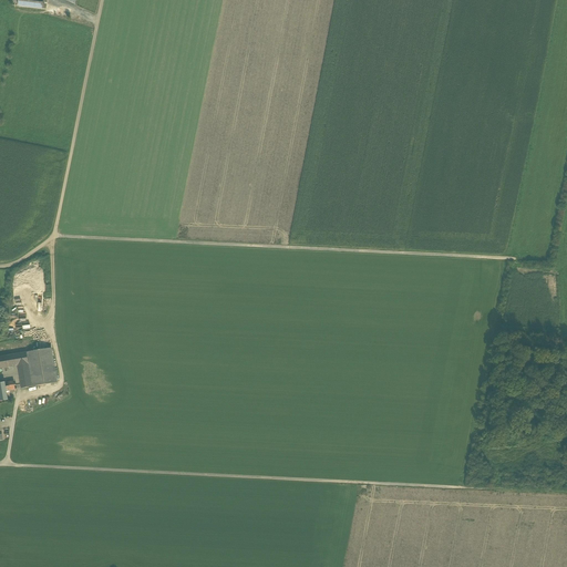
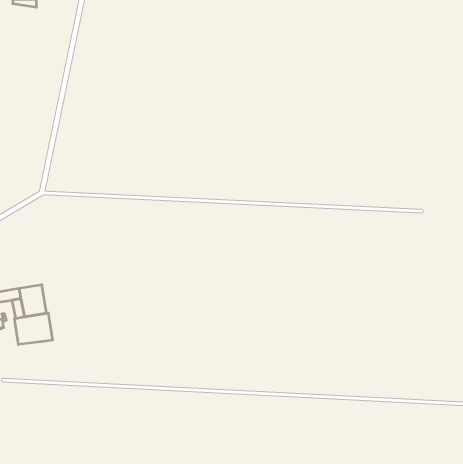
building: none -> [14,313,53,345]

